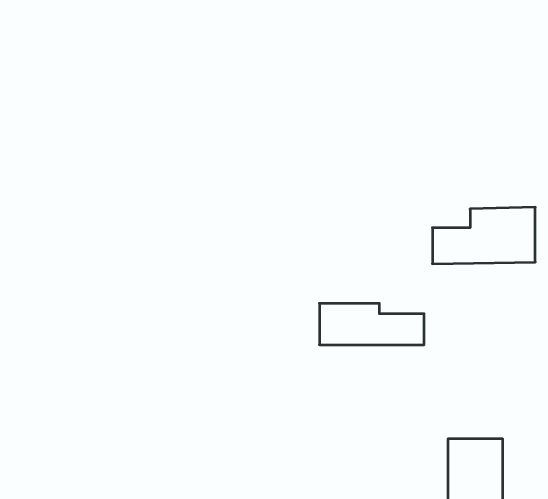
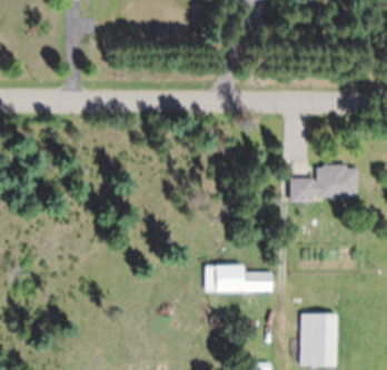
building: [319,303,424,345] -> [205,266,272,292]

